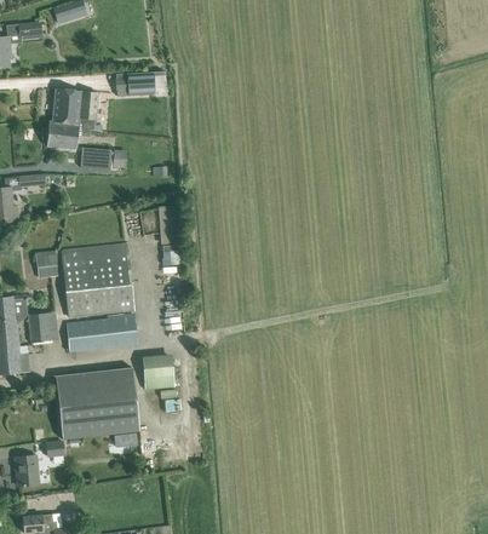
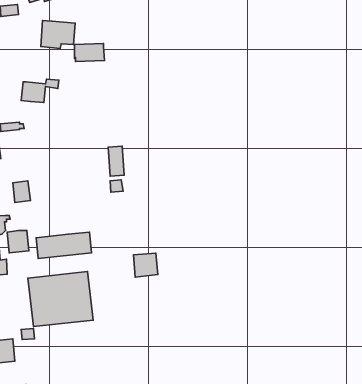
building: [52,87,97,124] -> [41,20,75,48]
building: [82,147,113,168] -> none
building: [61,243,133,316] -> none
building: [142,357,173,389] -> [133,253,158,277]

